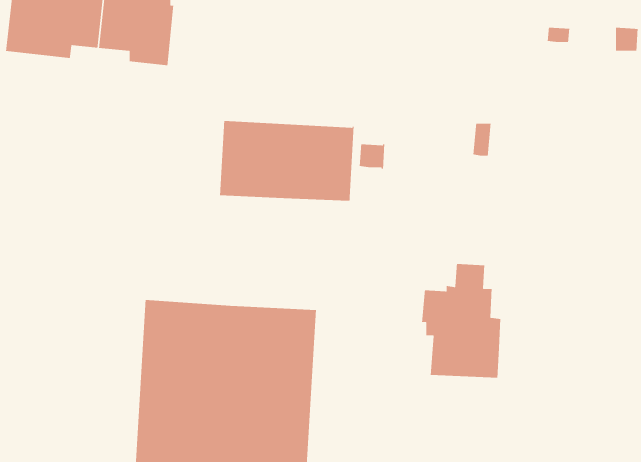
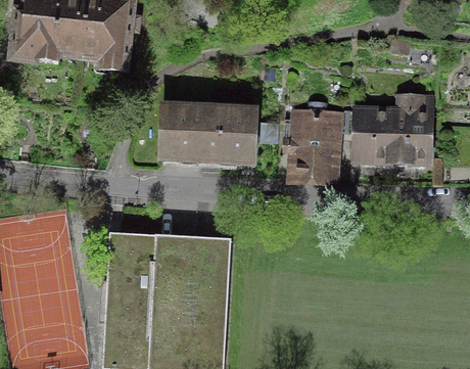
building: none -> [357,93,434,160]
building: [421,263,501,378] -> [283,99,339,180]

